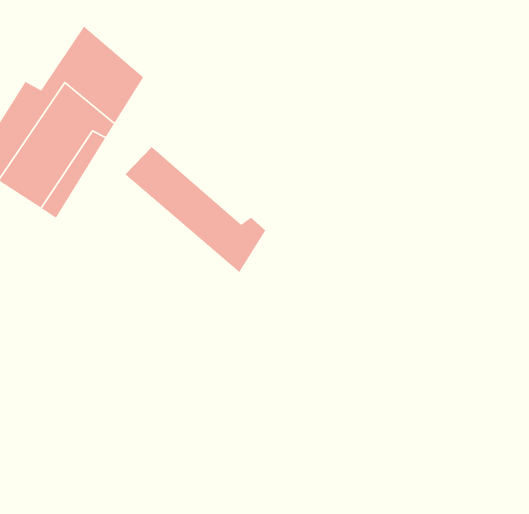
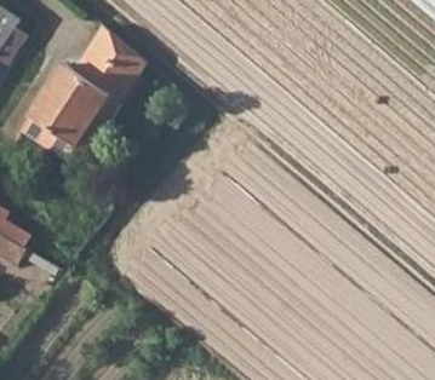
building: [125,146,266,273] -> none

